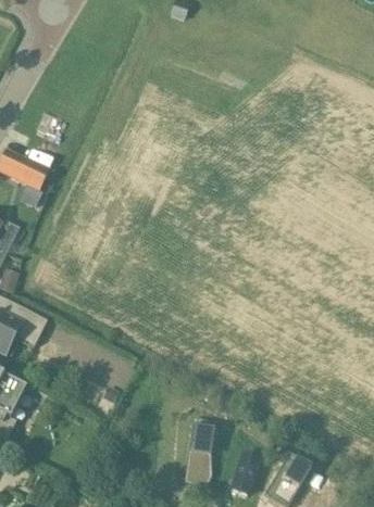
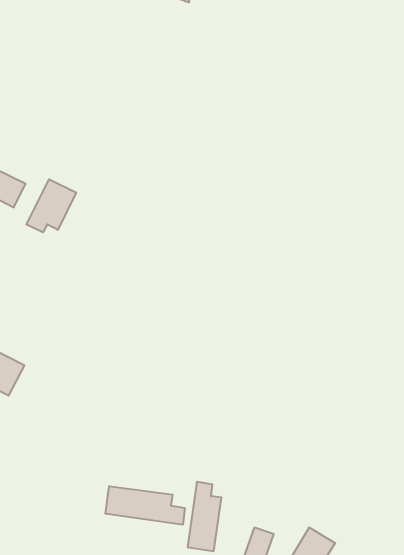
building: none -> [26,179,76,232]
building: none -> [106,486,185,525]

